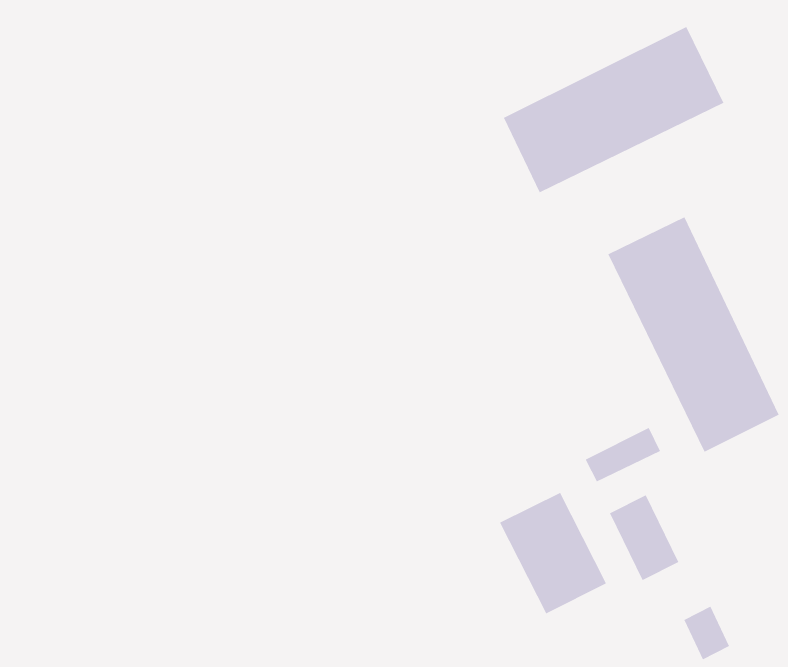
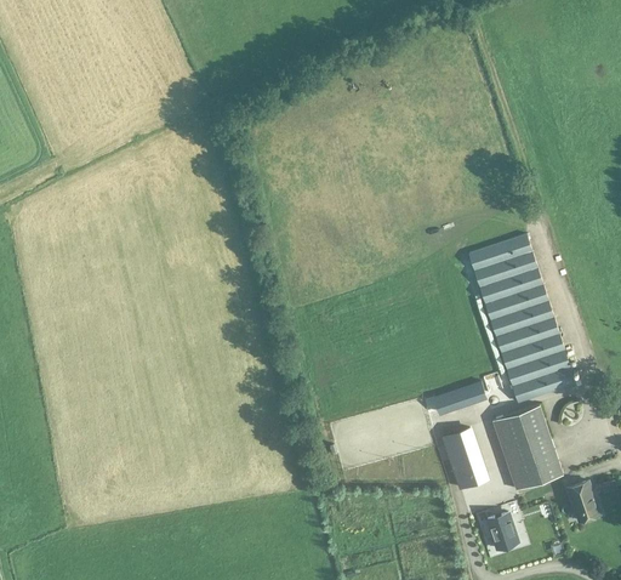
building: [503,26,724,193] -> none
building: [499,492,607,614] -> [492,405,563,490]

